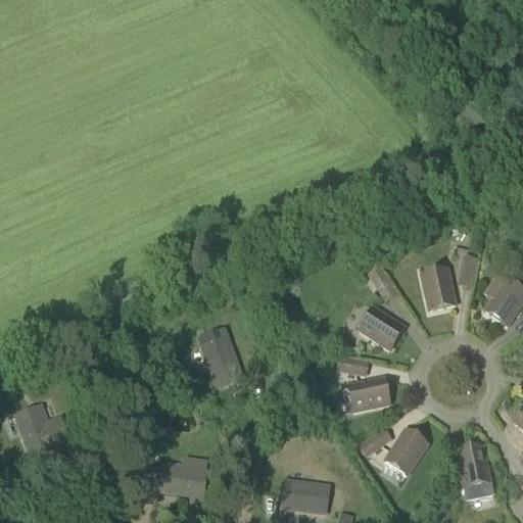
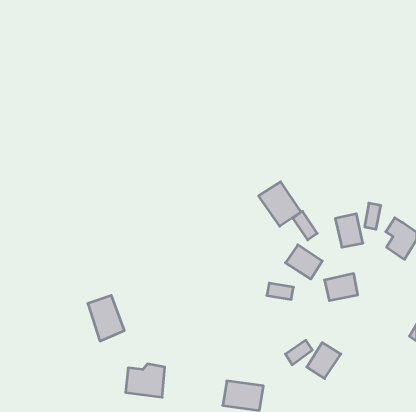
building: none -> [259,182,301,226]
building: [199,334,245,391] -> [88,295,124,341]
building: [347,377,389,411] -> [324,274,358,301]
building: [13,402,69,458] -> none
building: [457,445,493,498] -> none

